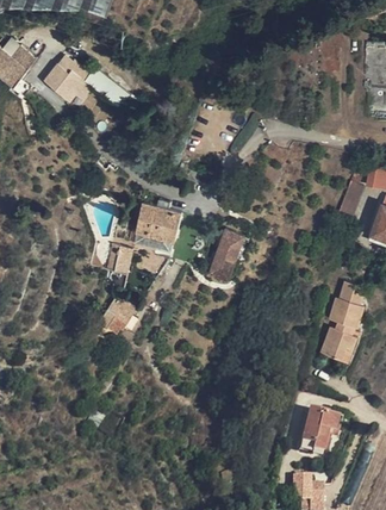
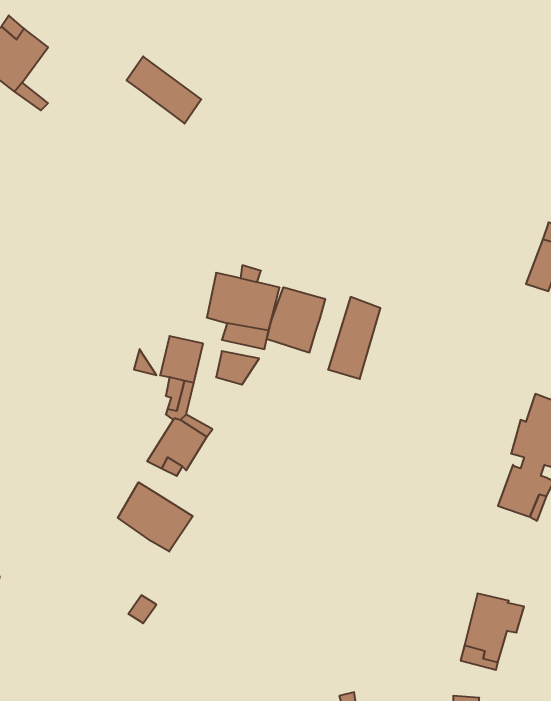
building: [44,55,93,101] -> none
building: none -> [267,287,325,353]
building: none -> [118,482,193,552]

